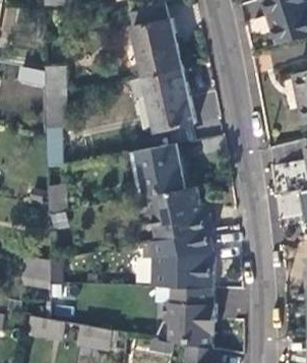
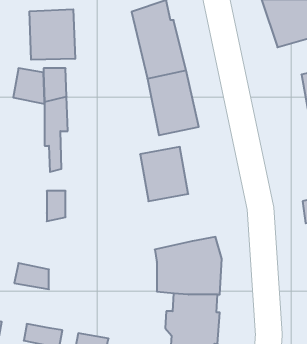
building: none -> [30,9,75,60]
building: [135,187,210,242] -> none

